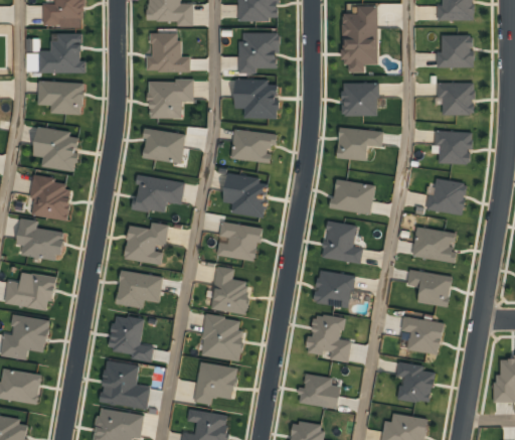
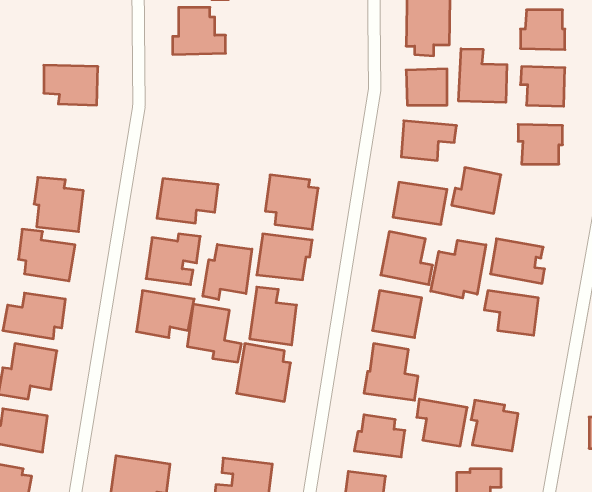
building: [237,31,278,72] -> none
building: [39,33,85,75] -> none
building: none -> [459,49,507,102]
building: [234,79,278,120] -> none
building: [148,81,194,119] -> none
building: [33,127,78,172] -> none
building: [142,129,185,163] -> none
building: [231,129,275,162] -> none
building: [425,178,467,216] -> [452,168,501,213]
building: none -> [431,240,486,298]
building: none -> [203,244,252,300]
building: [109,314,154,362] -> [187,304,241,362]
building: [401,316,444,355] -> [417,399,467,446]
building: [100,360,151,410] -> none
building: [194,362,237,405] -> none

